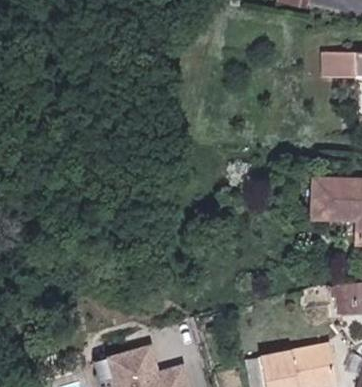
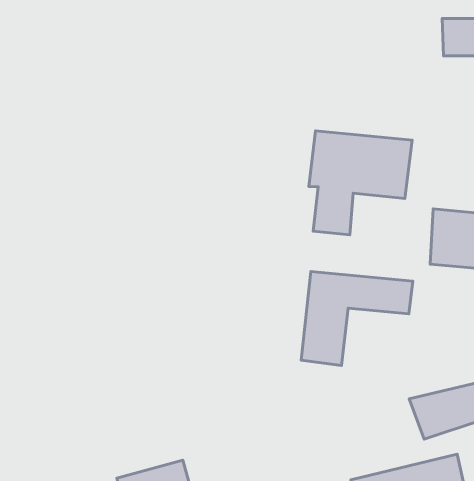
building: none -> [309,131,412,235]
building: none -> [301,272,413,365]

